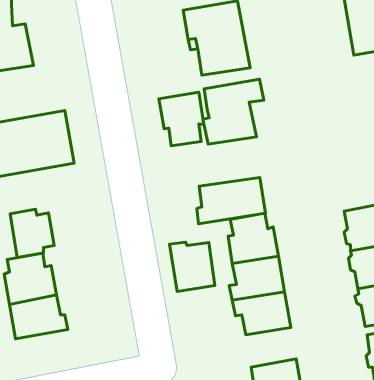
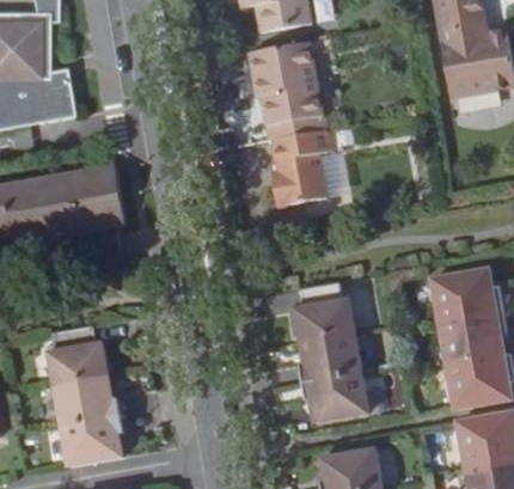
building: [159,92,204,146] -> none
building: [197,177,266,224] -> none
building: [10,209,54,258] -> none
building: [169,242,215,292] -> none
building: none -> [56,415,118,467]

